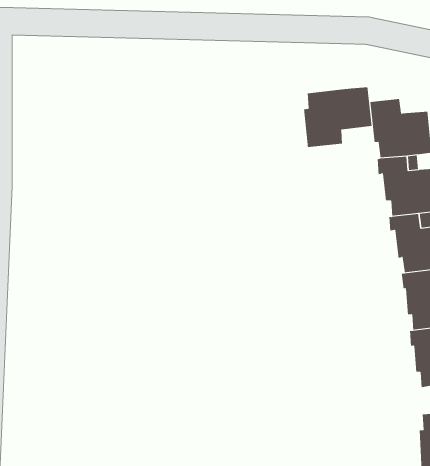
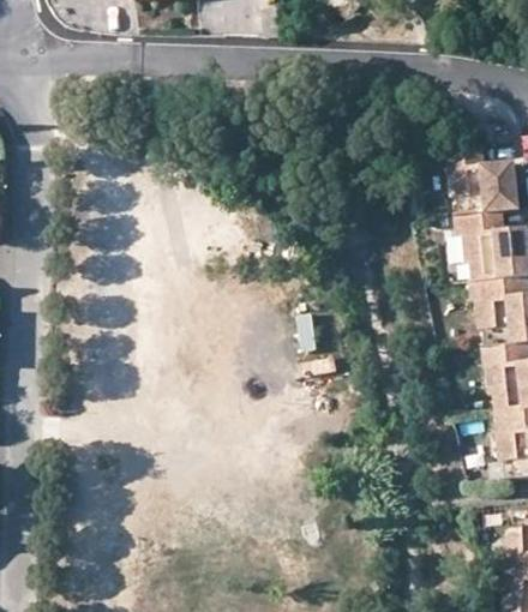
building: [303,87,372,148] -> none

